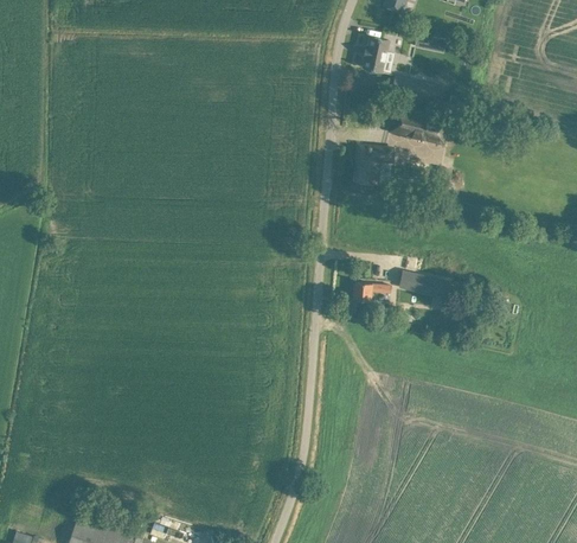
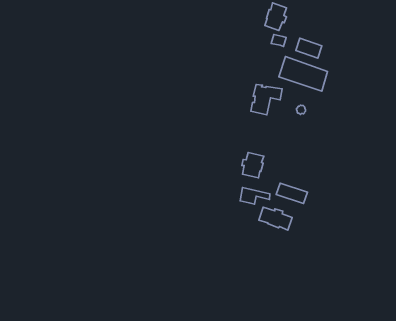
building: none -> [242,152,264,178]
building: none -> [259,207,292,230]

